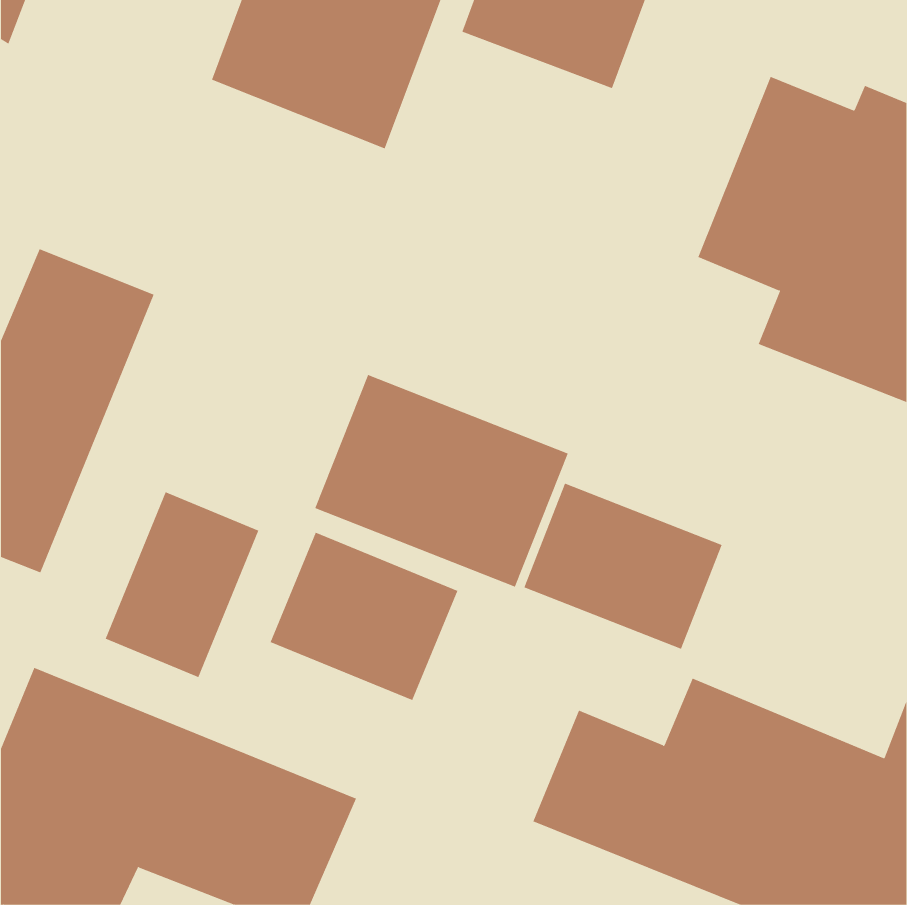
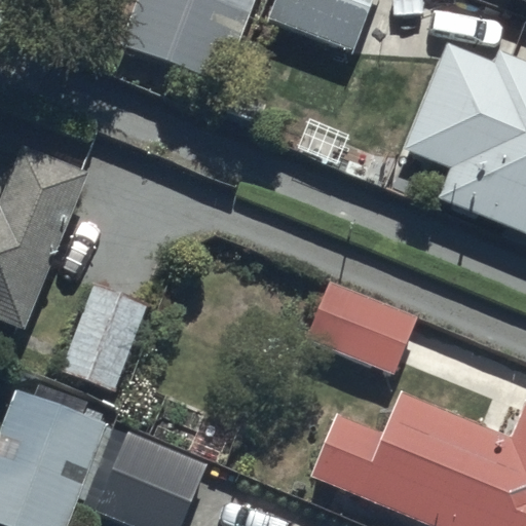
building: [314,374,569,588] -> none
building: [270,532,458,701] -> none

